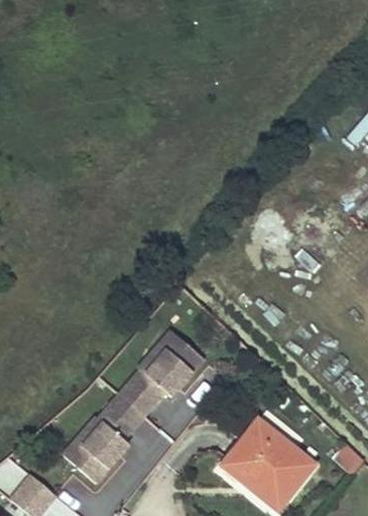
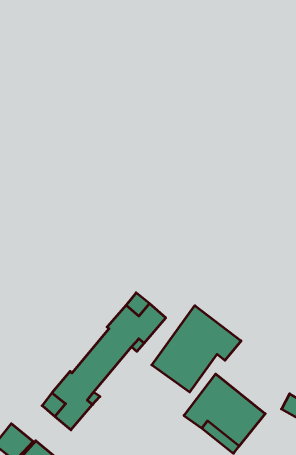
building: none -> [152,306,241,392]

